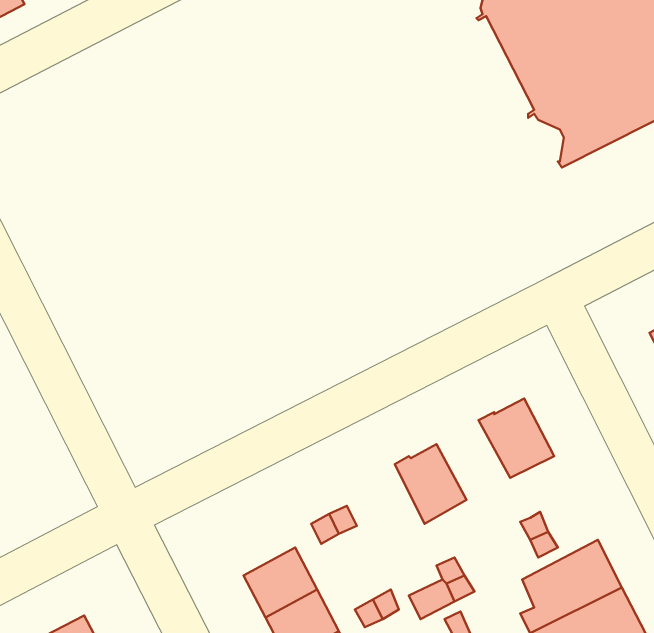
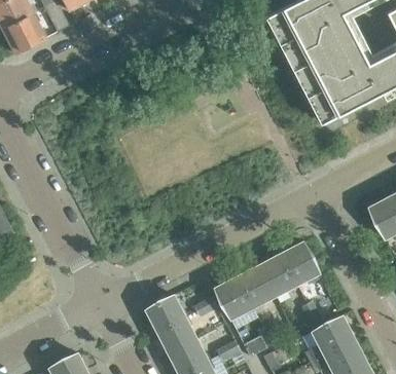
building: none -> [258,254,296,295]
building: none -> [214,276,252,319]
building: none -> [145,295,185,334]

